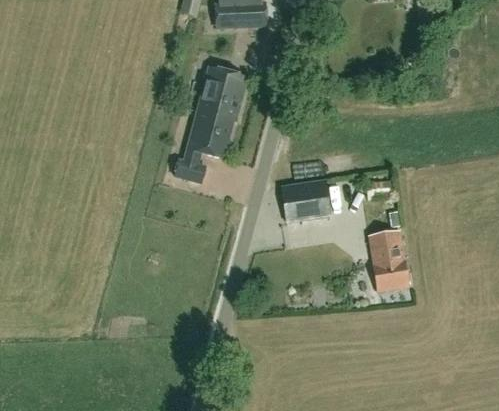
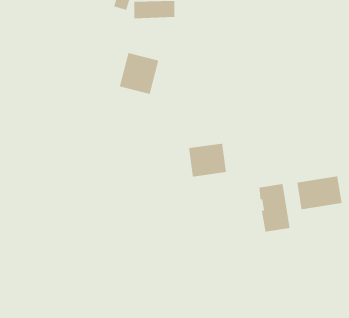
building: [175,110,232,182] -> none
building: none -> [296,175,342,210]

